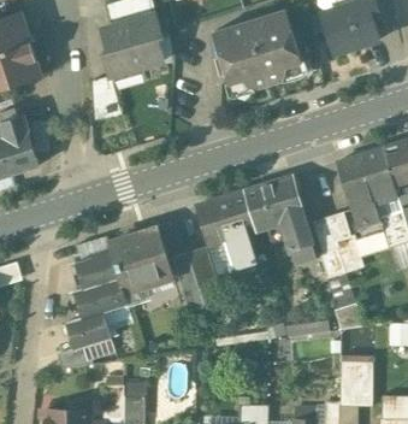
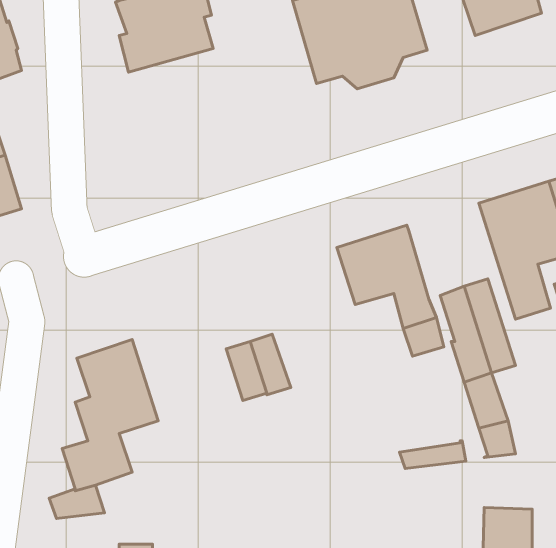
building: [196,192,258,271] -> none
building: [108,229,172,305] -> none

